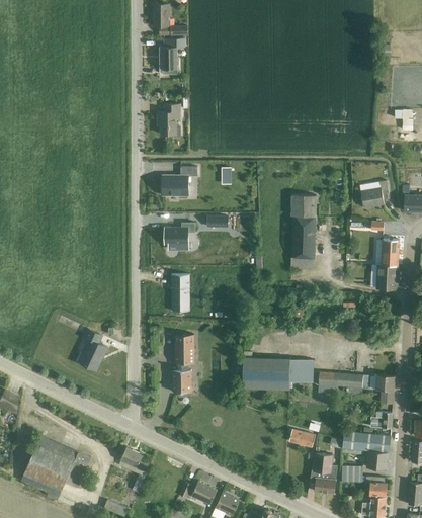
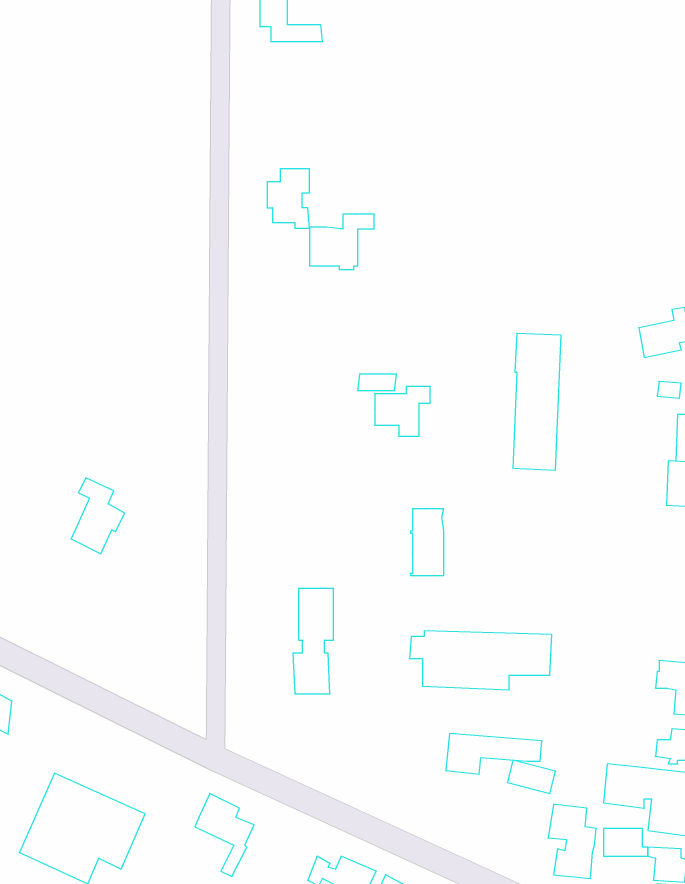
building: [161,37,184,74] -> none
building: [162,167,197,197] -> [310,214,374,270]
building: [164,223,194,250] -> [375,386,430,436]
building: [171,274,189,311] -> [410,509,444,576]
building: [78,328,107,369] -> [71,478,125,554]
building: [317,371,369,394] -> [446,734,542,774]

